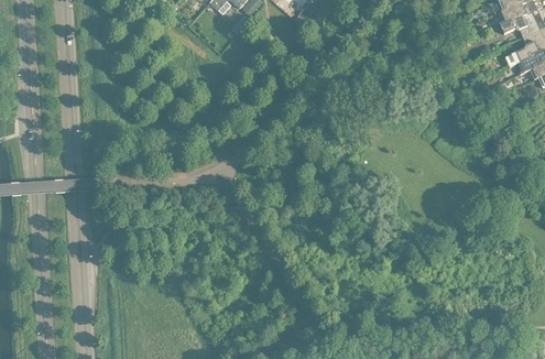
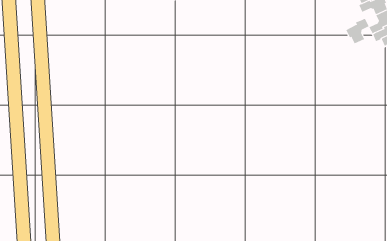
building: none -> [346,18,369,44]

